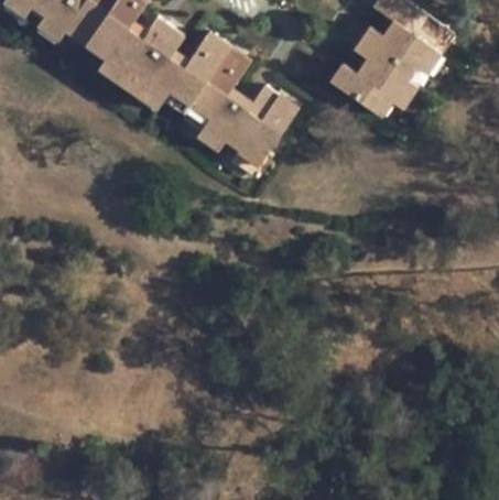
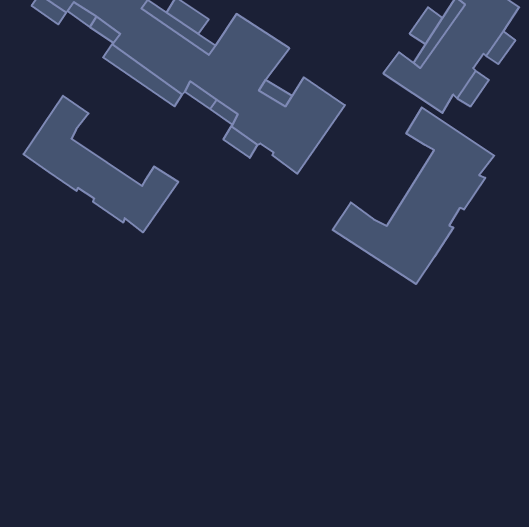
building: none -> [23,96,178,232]
building: none -> [333,107,494,284]

